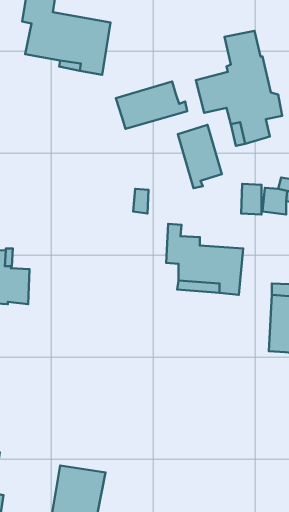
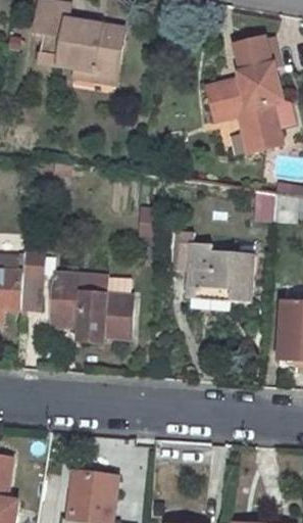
building: [116,82,187,129] -> none
building: [178,125,222,188] -> none
building: none -> [53,273,132,336]

